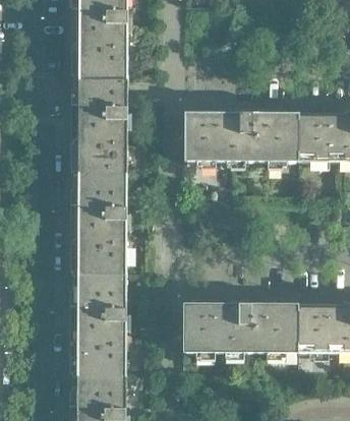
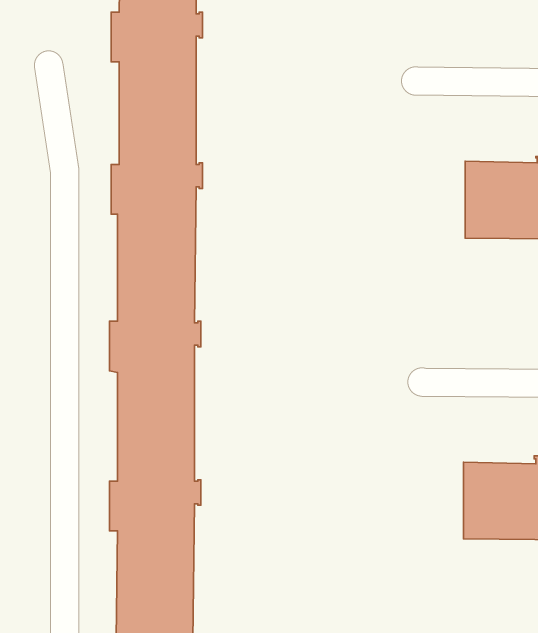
building: [184,109,298,162] -> none
building: [183,300,297,353] -> none

